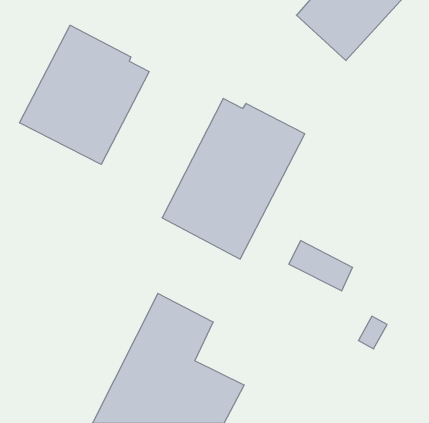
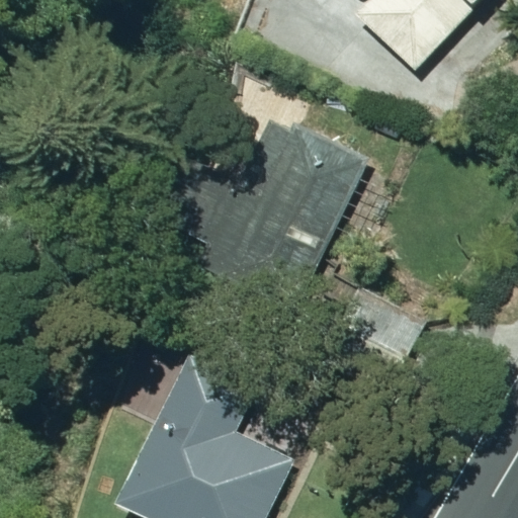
building: [20,25,149,164] -> none

